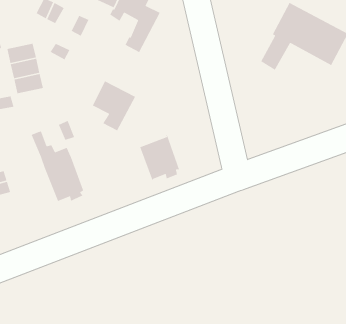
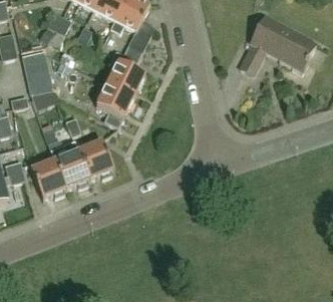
building: none -> [106,49,144,96]
building: [139,134,180,182] -> [78,137,113,179]
building: none -> [29,158,66,198]

